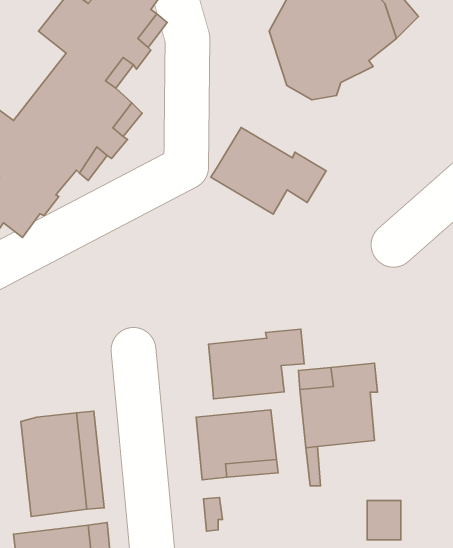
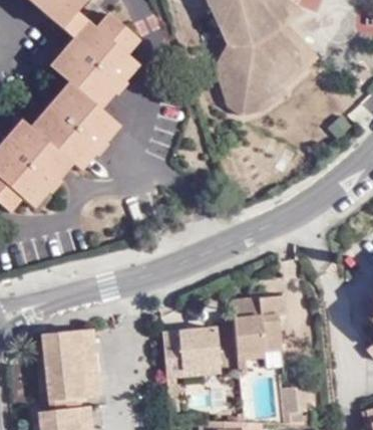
building: [211,128,326,214] -> none
building: [209,329,304,399] -> none

